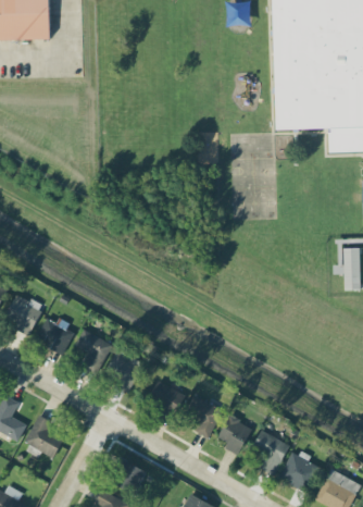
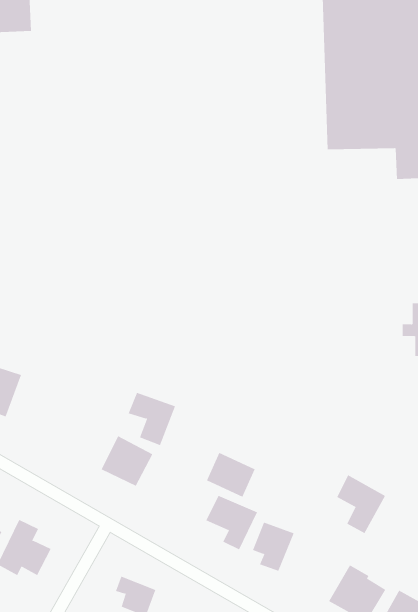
building: [36,318,73,353] -> none
building: [75,331,112,372] -> [128,392,176,446]
building: [147,381,185,416] -> [206,452,256,497]
building: [252,430,290,475] -> [336,474,386,534]

